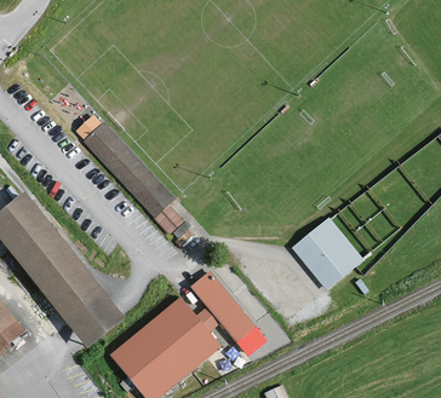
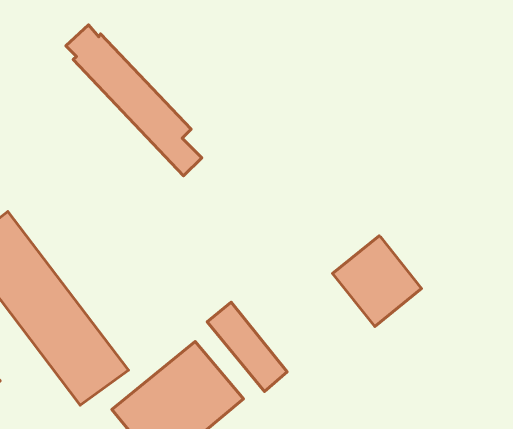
building: [71,108,181,229] -> [66,25,202,176]

